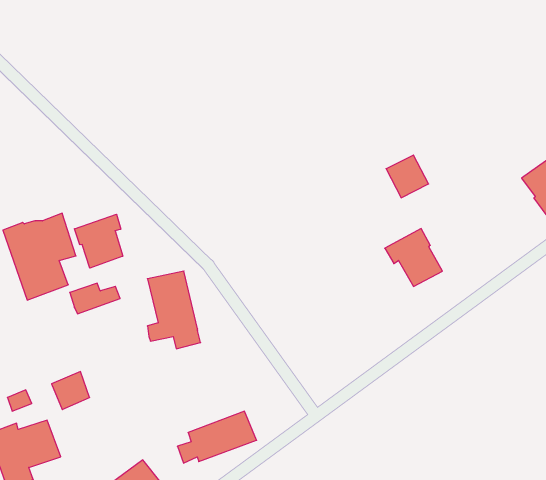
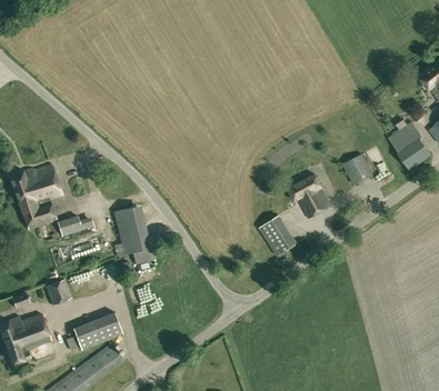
building: [386,155,429,198] -> [342,153,373,184]
building: [74,214,123,268] -> none
building: none -> [259,214,296,254]
building: [177,411,257,463] -> [66,313,123,351]

